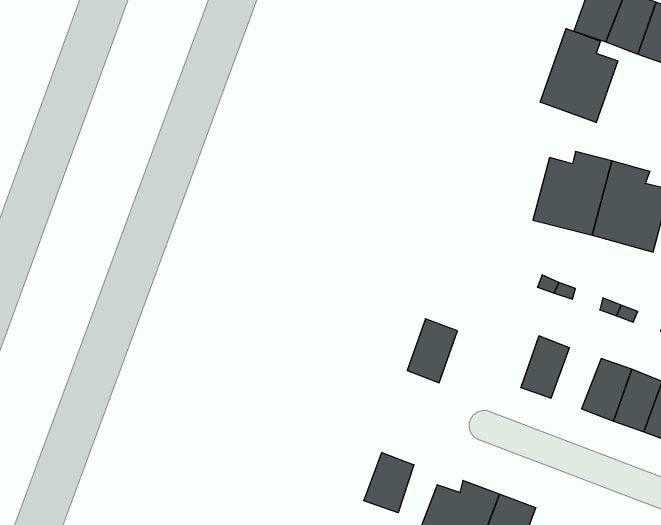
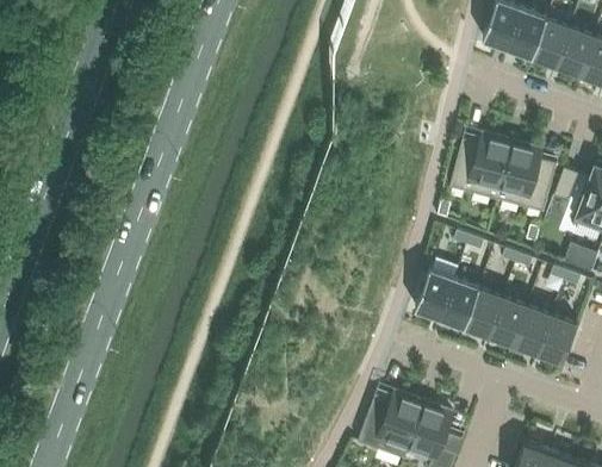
building: [540,28,618,123] -> none
building: [407,319,457,383] -> [415,269,454,319]
building: none -> [464,288,503,336]
building: [364,453,414,513] -> none

